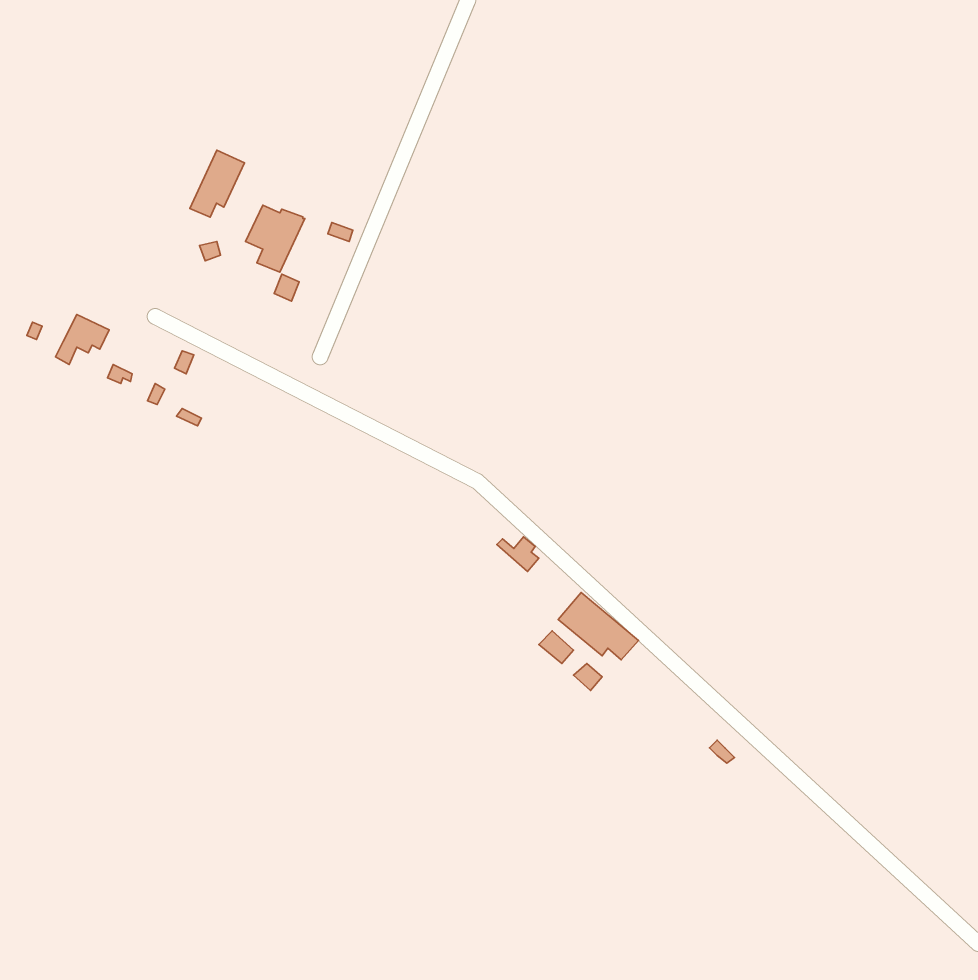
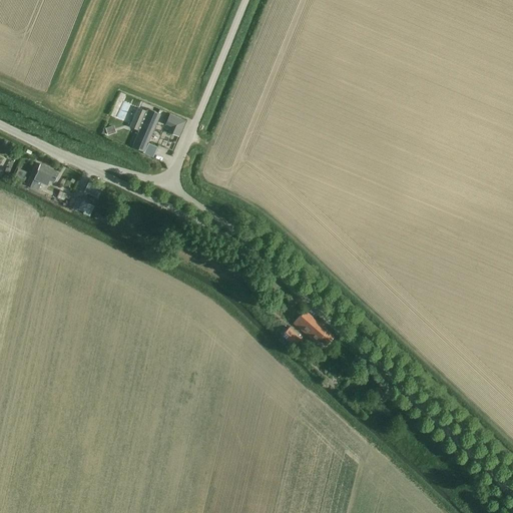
building: [190,150,245,217] -> none

